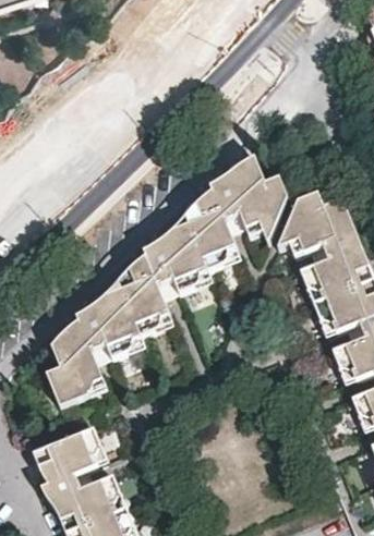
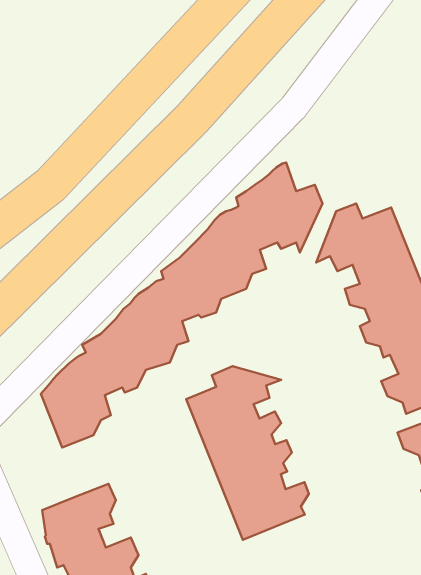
building: none -> [186,366,309,540]

